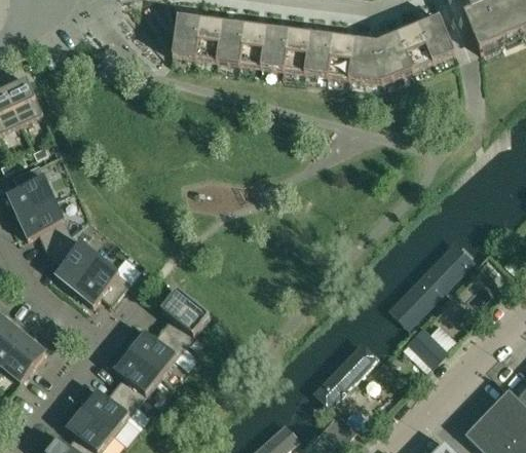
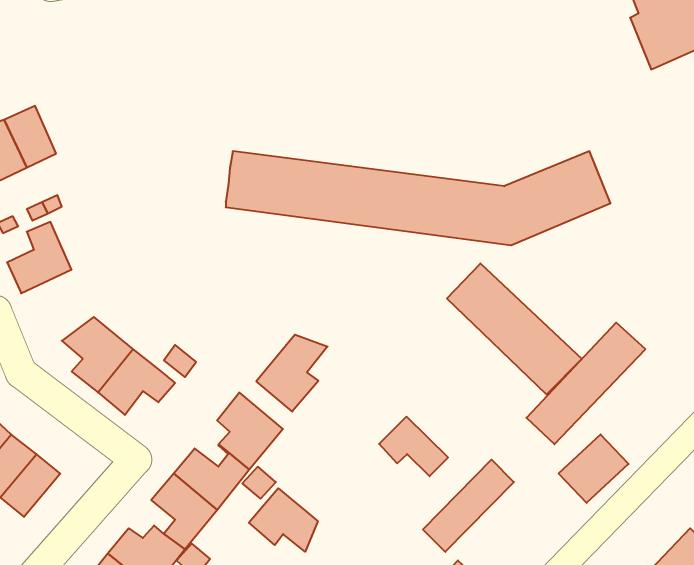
building: [174,15,456,84] -> [226,151,611,245]
building: none -> [447,263,582,394]
building: [18,199,72,252] -> none
building: none -> [256,335,328,412]
building: none -> [379,417,448,476]
building: none -> [249,488,318,552]

